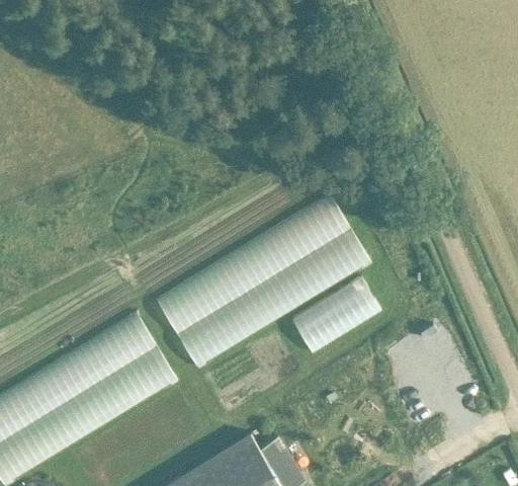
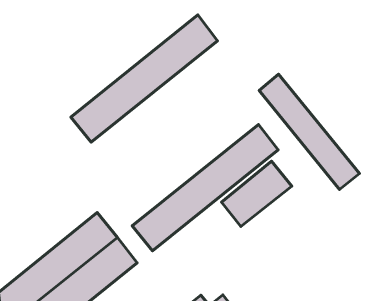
building: none -> [259,74,359,190]
building: [155,192,349,333] -> [71,15,217,142]

